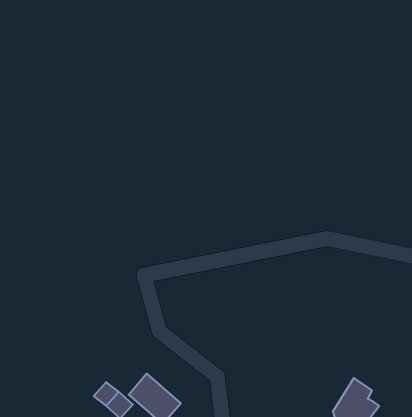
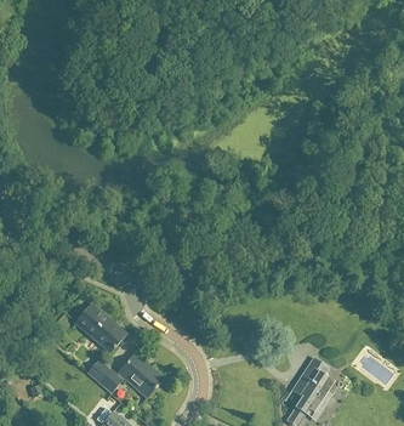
building: none -> [75,303,125,352]

